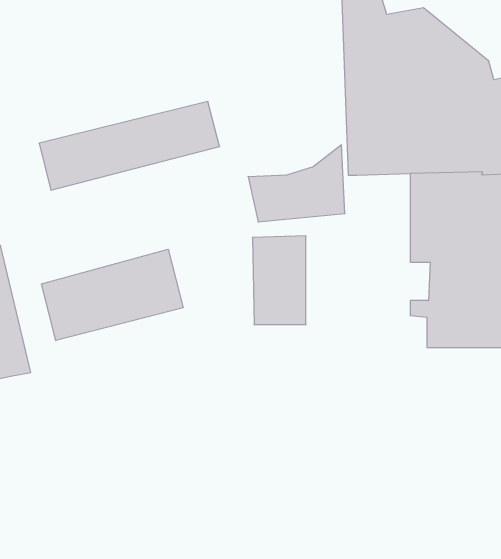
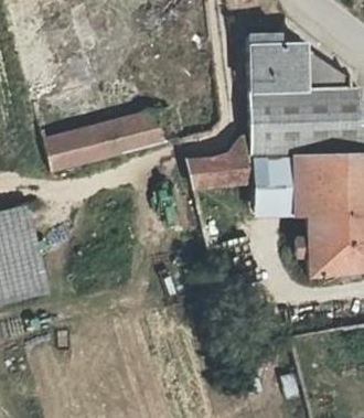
building: [252,236,306,325] -> [259,157,295,215]
building: [41,249,183,341] -> none

